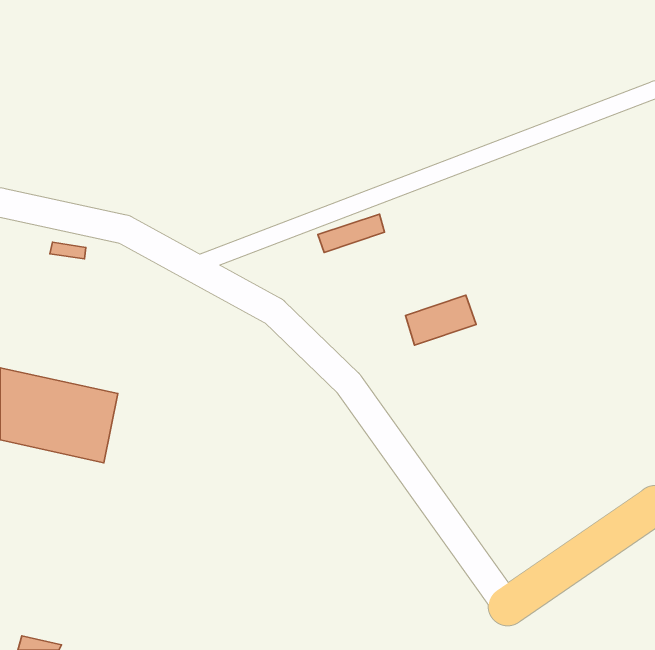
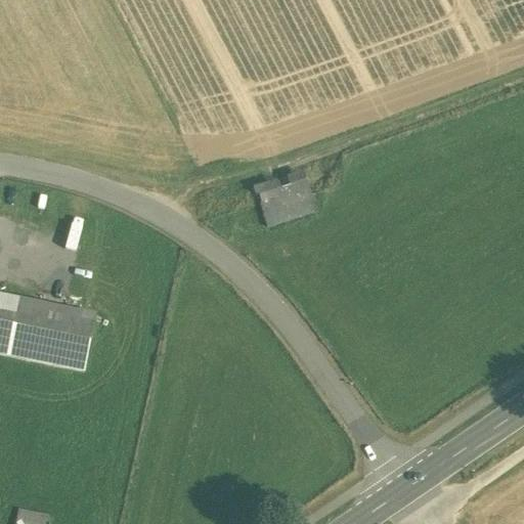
building: [406,295,476,345] -> [259,185,315,225]

